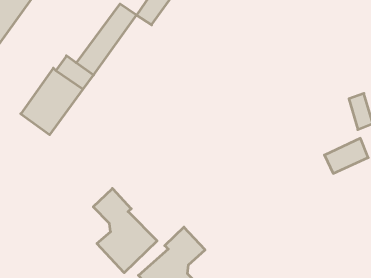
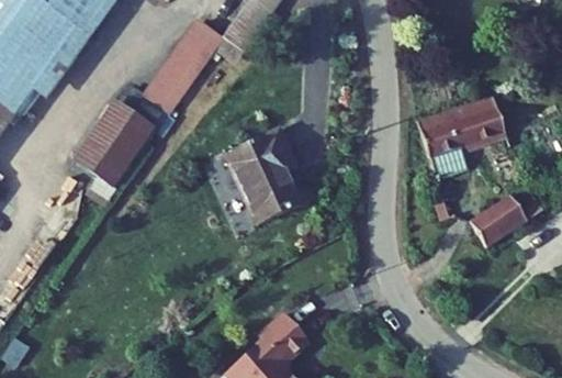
building: none -> [420,100,497,178]
building: none -> [225,134,302,230]
building: [93,188,157,273] -> none

